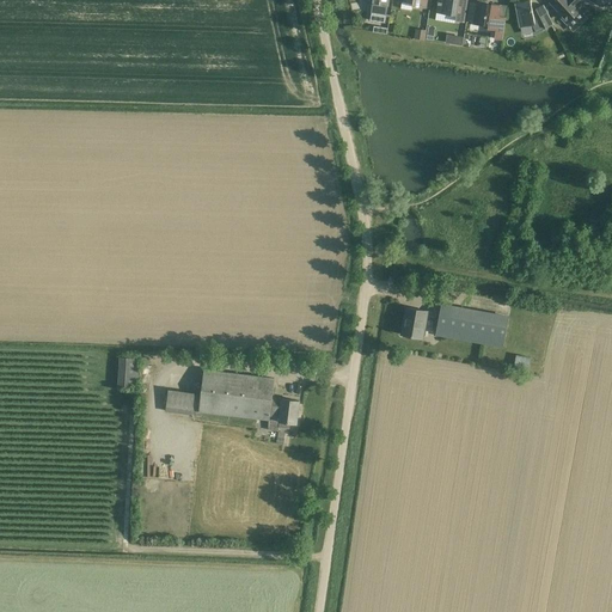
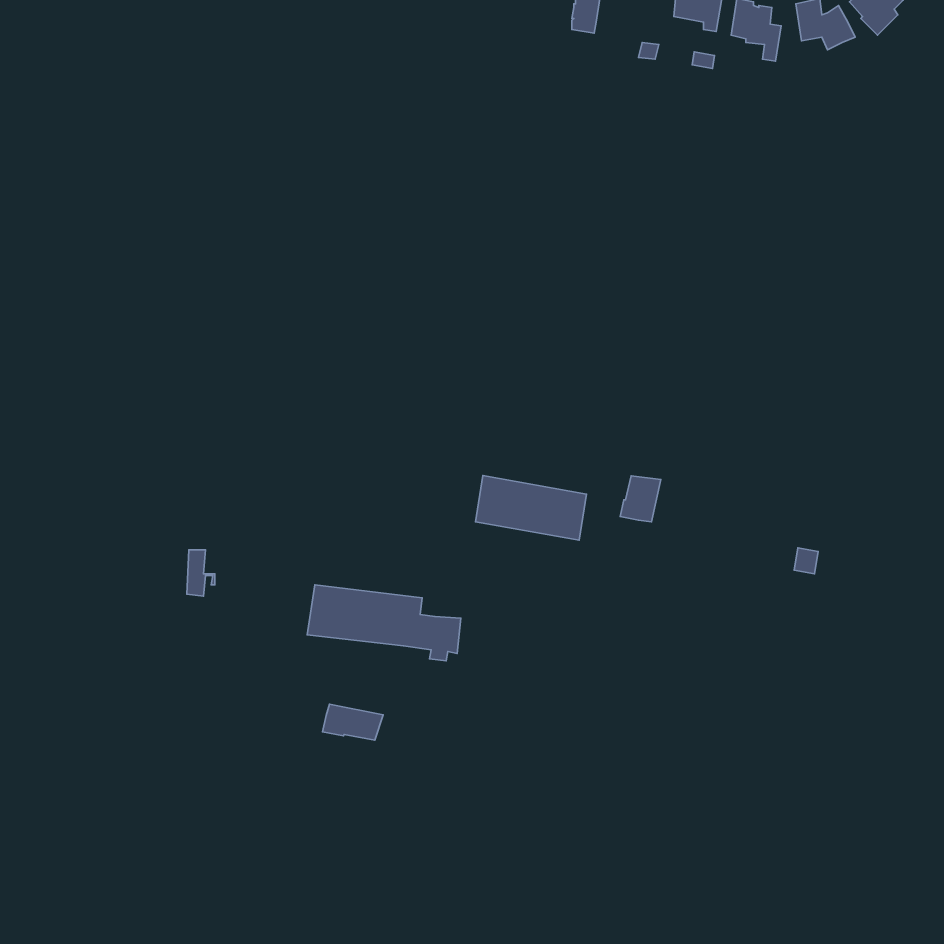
building: [435,304,507,345] -> [476,476,587,540]
building: [165,390,194,412] -> none
building: none -> [322,704,383,740]

